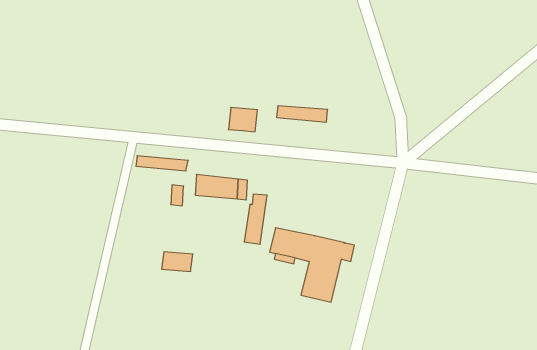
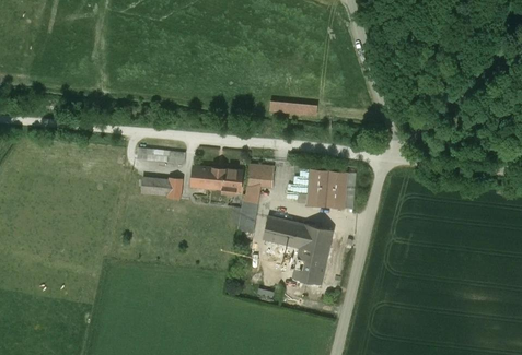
building: [228,107,257,132] -> [247,164,275,187]
building: none -> [309,169,347,208]
building: [162,252,193,271] -> [141,177,171,196]

